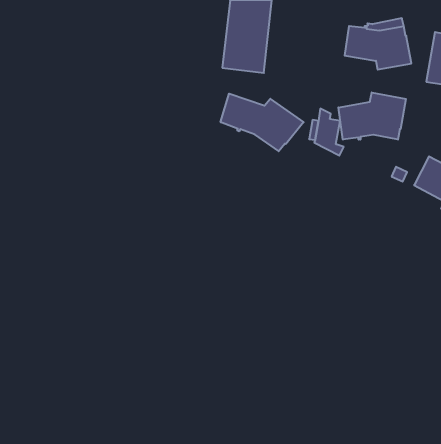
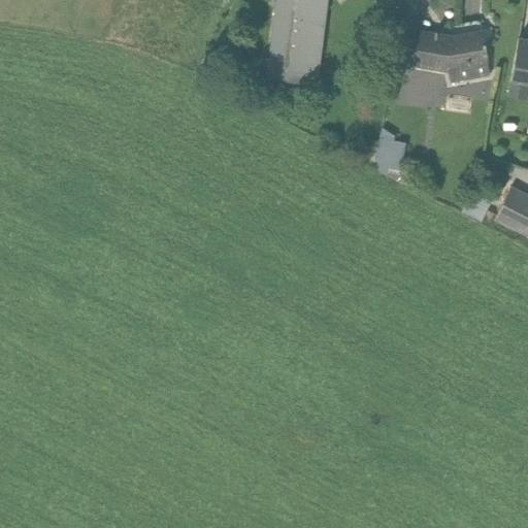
building: [338,92,406,140] -> none
building: [221,94,304,151] -> none

